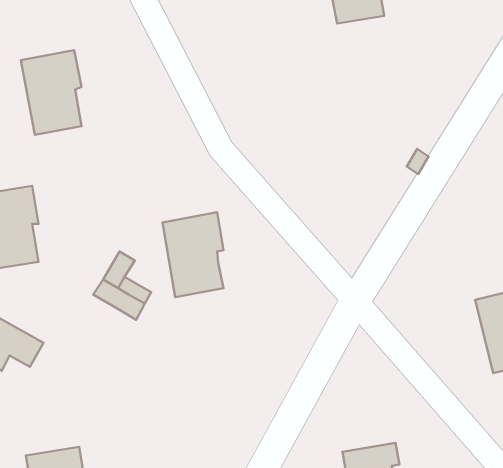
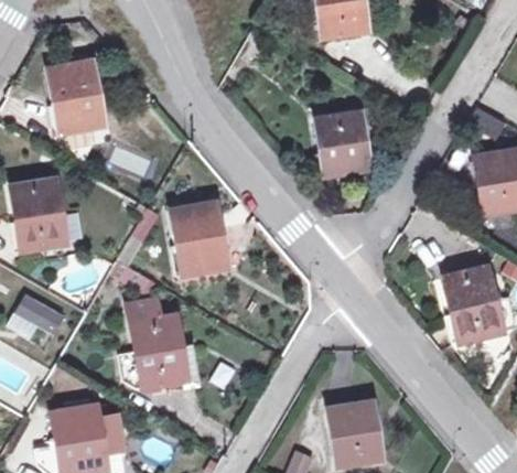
building: none -> [315,111,369,175]
building: none -> [120,300,201,389]

